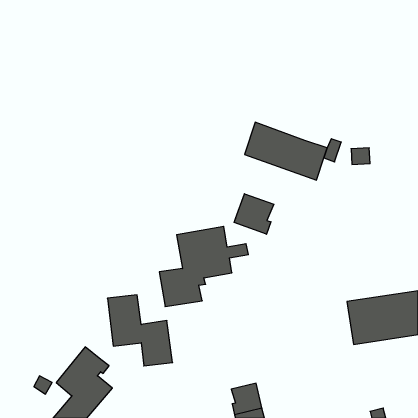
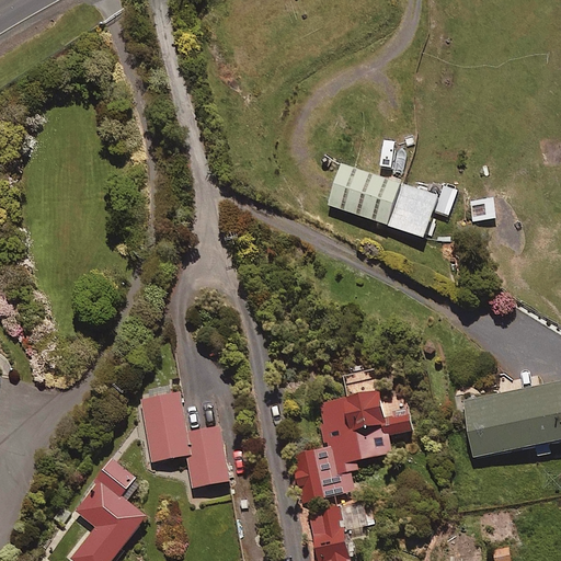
building: [234,194,274,234] -> none
building: [159,226,248,307] -> [297,391,415,497]

